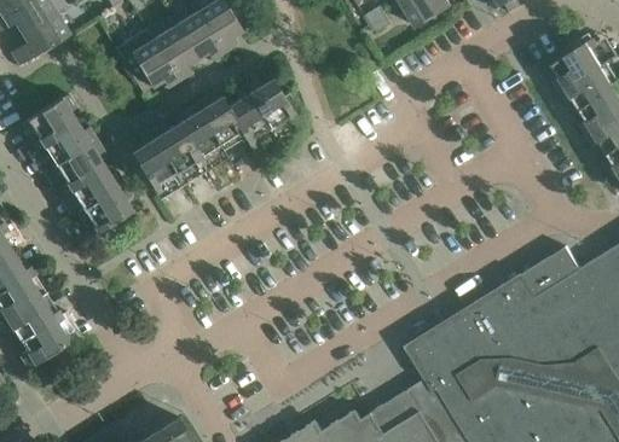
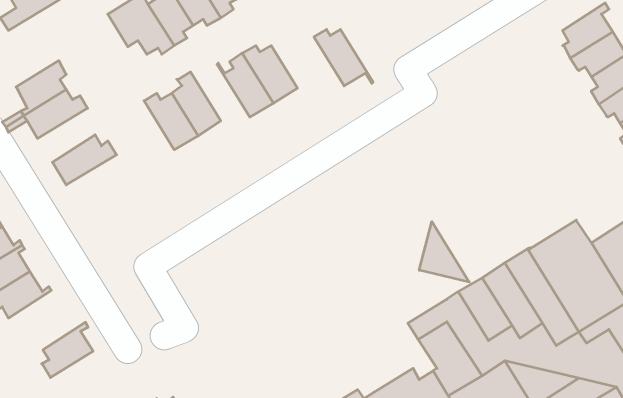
building: [195,97,251,151] -> [314,29,373,86]
building: [131,132,179,193] -> none
building: [47,139,103,191] -> none
building: [75,184,131,235] -> none
building: none -> [419,222,469,282]
building: [18,314,68,367] -> [42,322,93,378]

